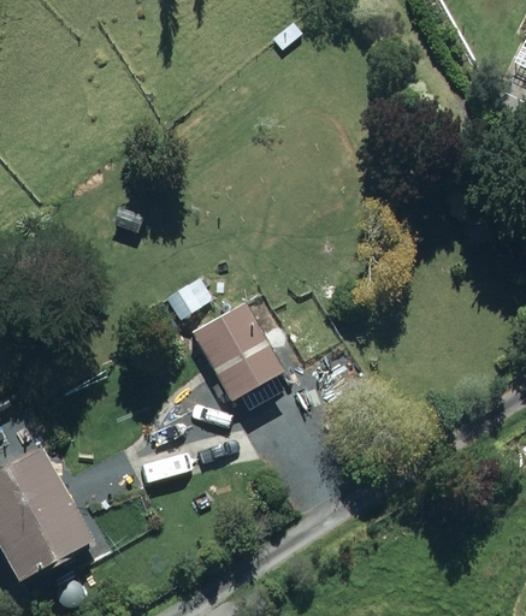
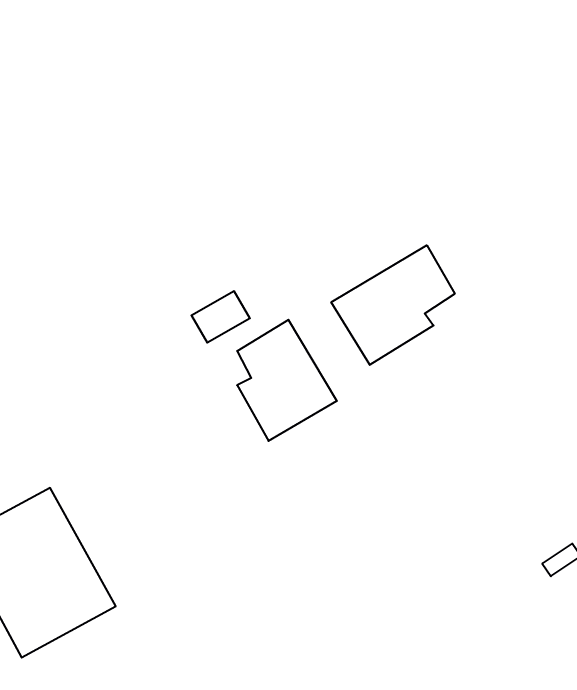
building: none -> [331,245,455,365]

